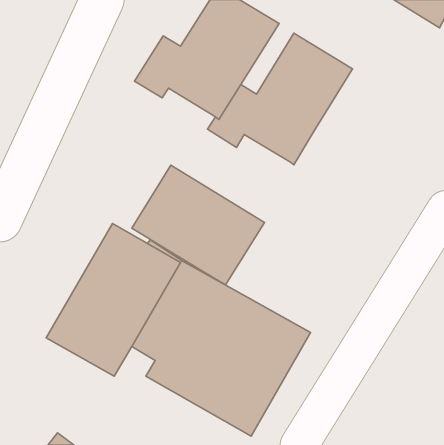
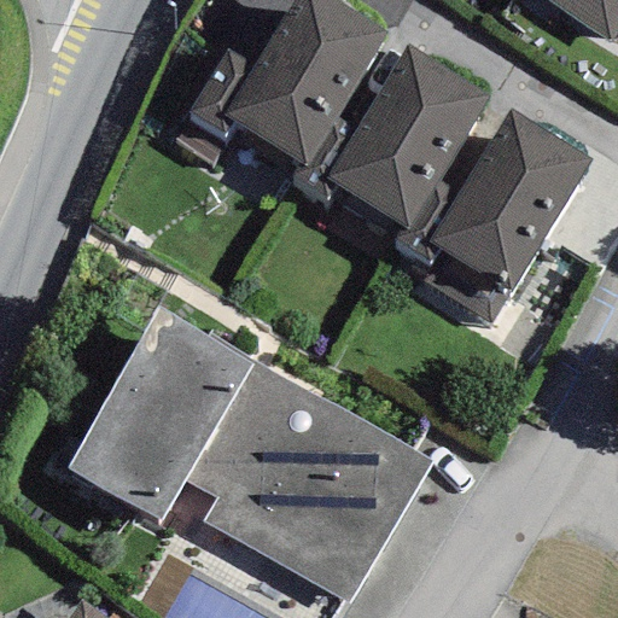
building: none -> [393,109,593,321]
building: [132,165,264,285] -> none

